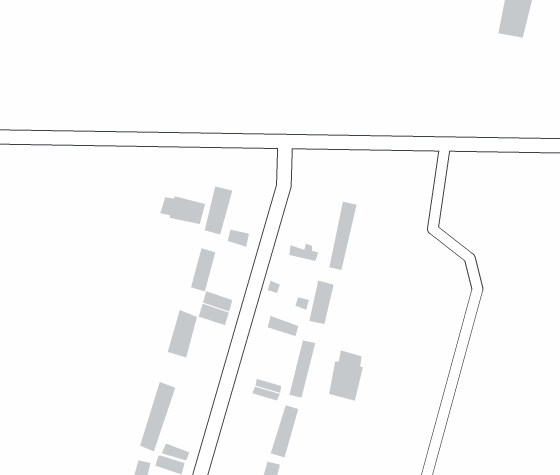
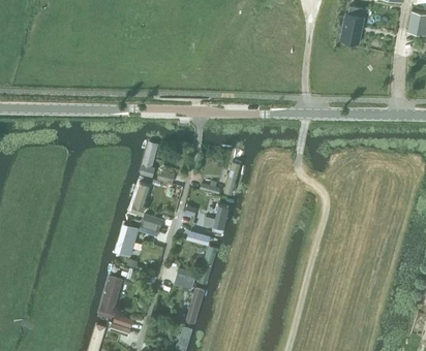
building: [160,196,206,225] -> none
building: [328,350,364,401] -> none

